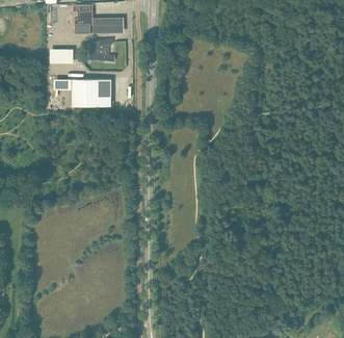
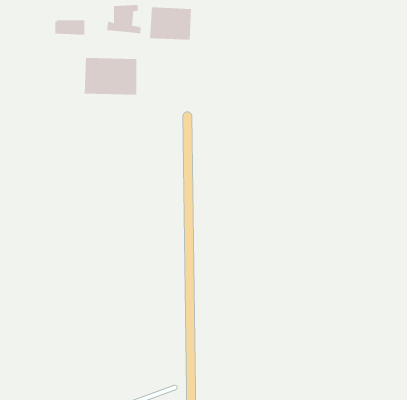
building: none -> [149,7,191,41]

